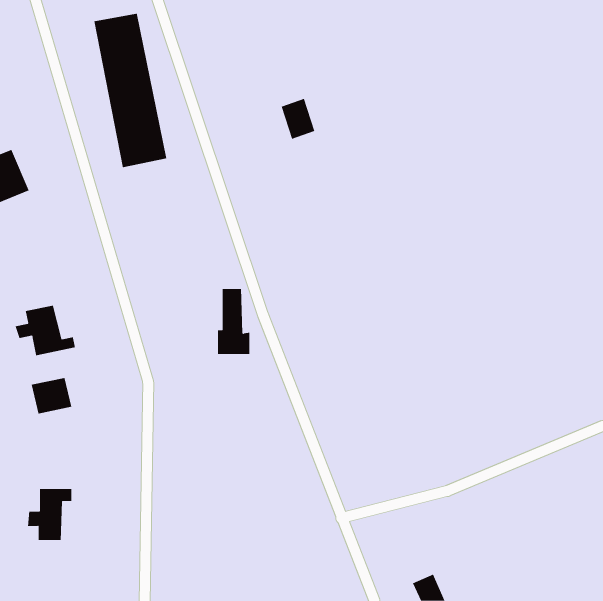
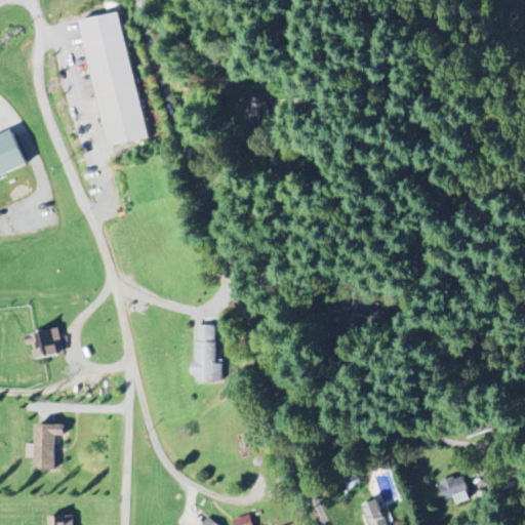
building: [217,288,250,355] -> [192,324,220,381]
building: [15,305,76,356] -> none
building: none -> [436,473,470,503]

